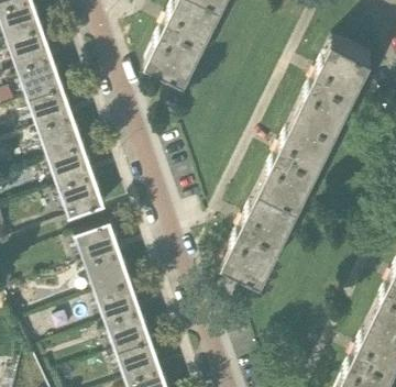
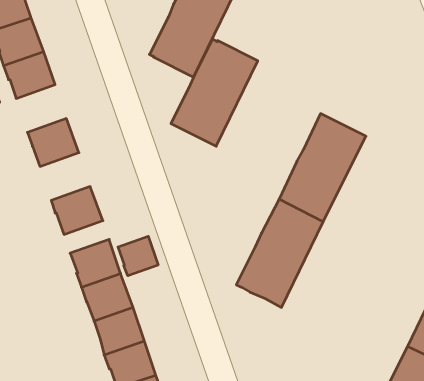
building: [295,46,371,140] -> [171,39,258,146]
building: [29,95,73,136] -> none
building: [50,154,94,196] -> none
building: none -> [118,236,158,276]

